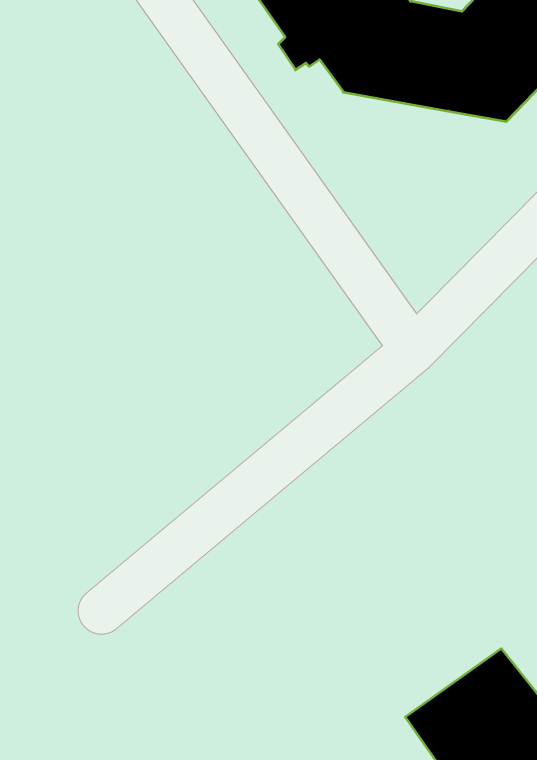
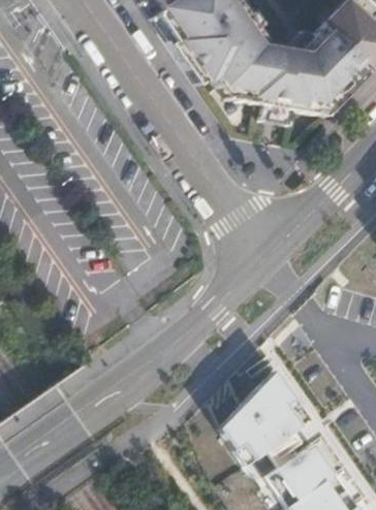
building: none -> [220,368,311,467]

